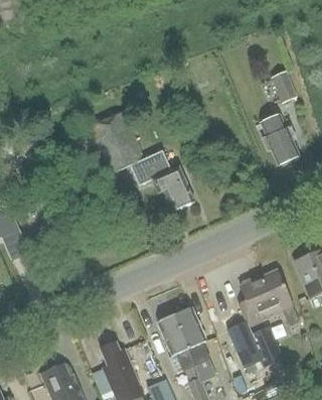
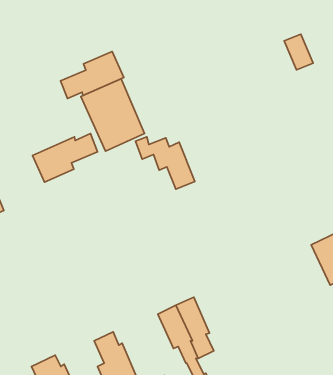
building: none -> [61,51,124,99]
building: [262,115,298,165] -> none
building: none -> [33,134,97,182]
building: [226,270,298,373] -> none

